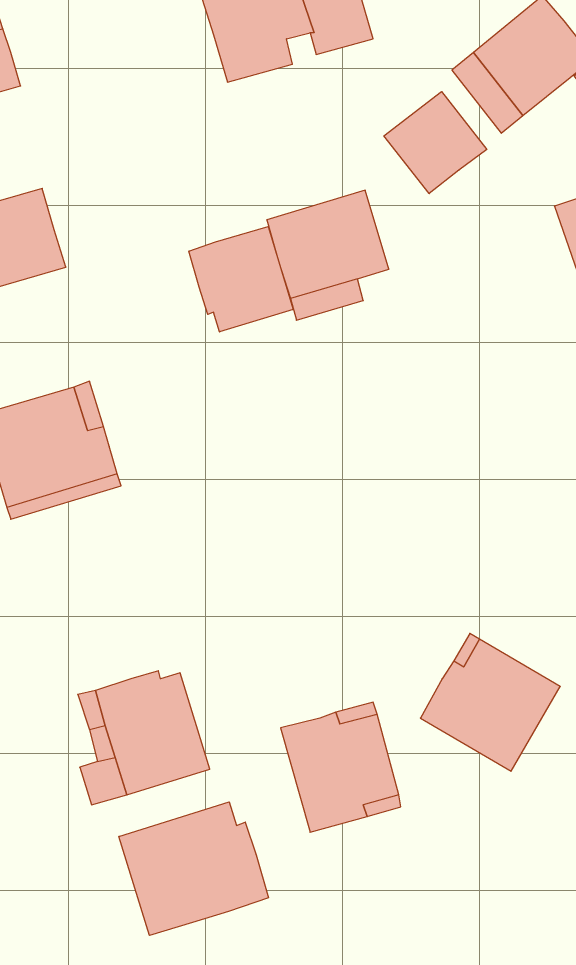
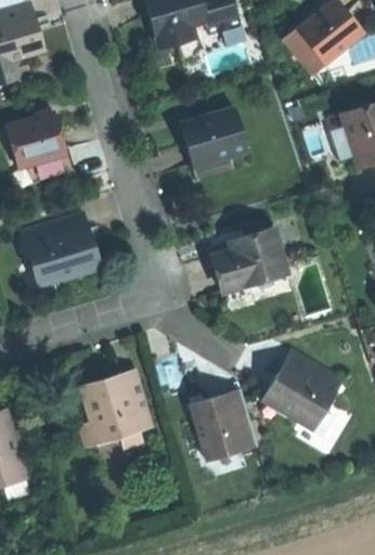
building: [384,92,487,194] -> none
building: [189,226,293,332] -> none
building: none -> [215,230,289,293]
building: [119,802,268,935] -> none

